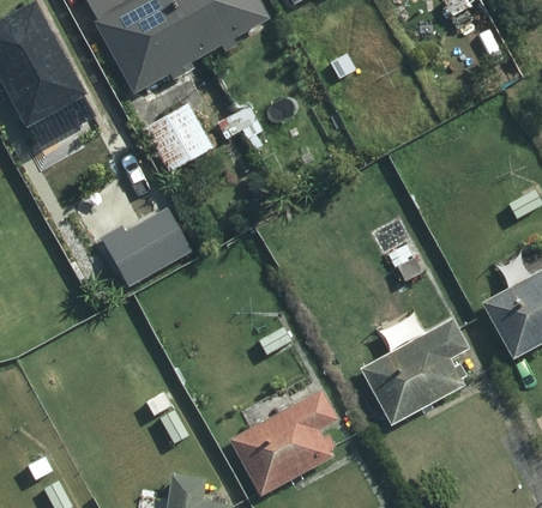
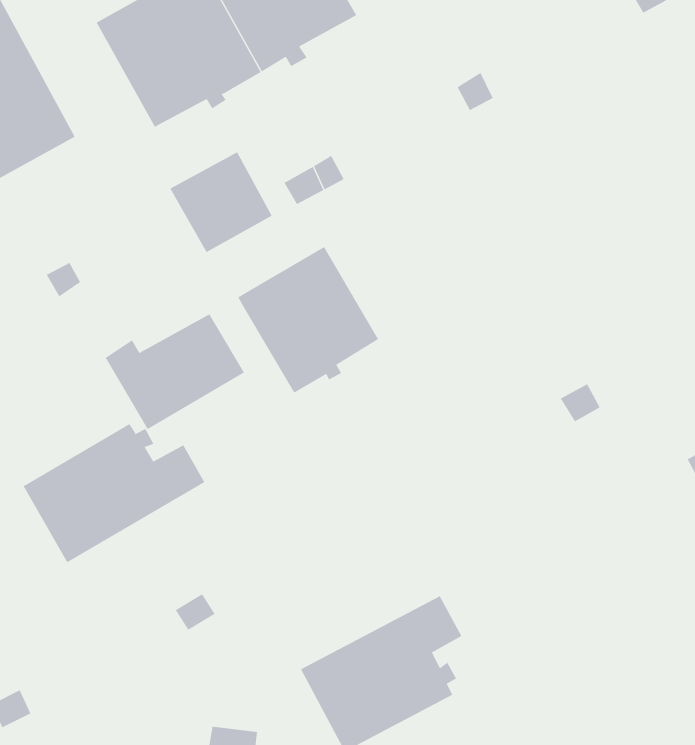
building: none -> [238,246,379,393]
building: none -> [23,423,205,563]
building: [361,321,468,424] -> none

